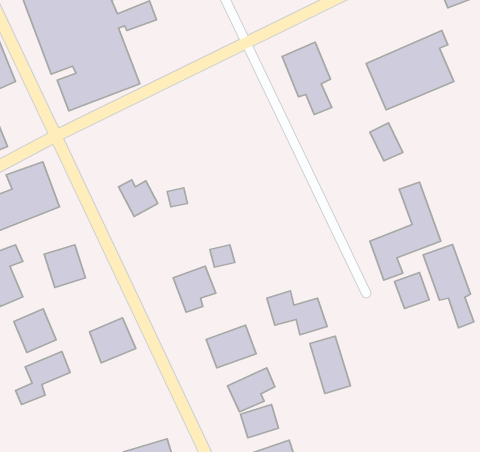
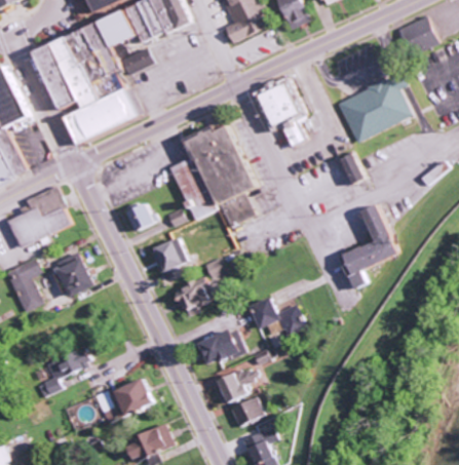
building: none -> [169,125,257,227]
building: none -> [145,237,187,275]
building: [423,245,474,328] -> none
building: [395,272,429,309] -> none
building: [14,309,56,353] -> none
building: [89,318,136,363] -> [113,378,153,417]
building: [310,336,350,393] -> none

